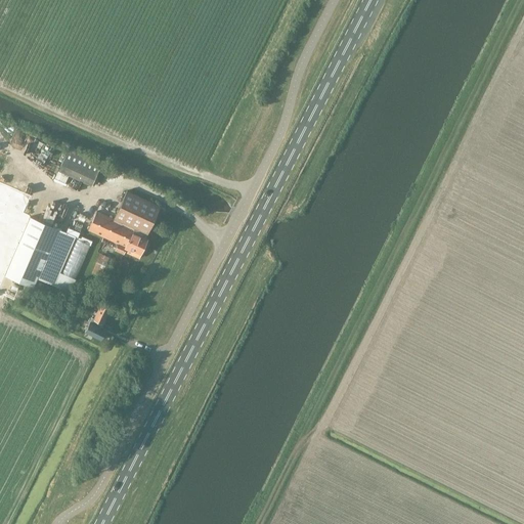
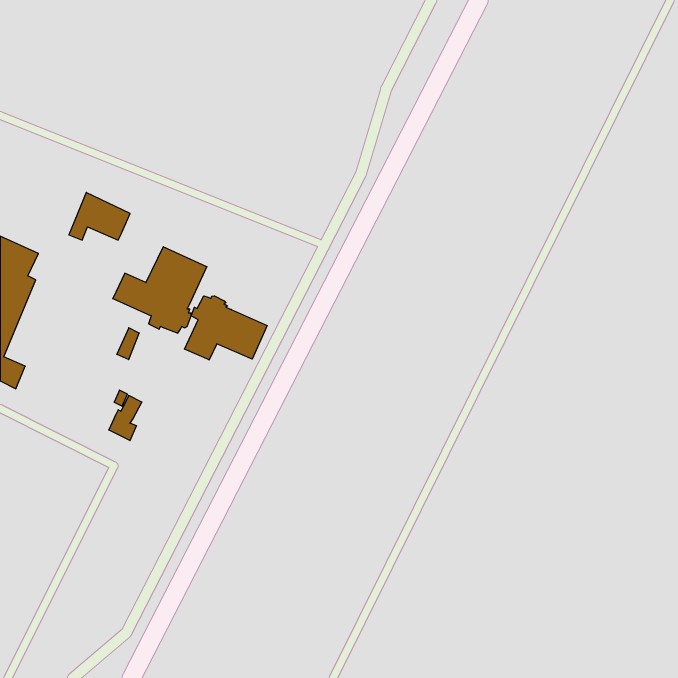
building: [4,216,89,292] -> none
building: none -> [185,296,267,360]

